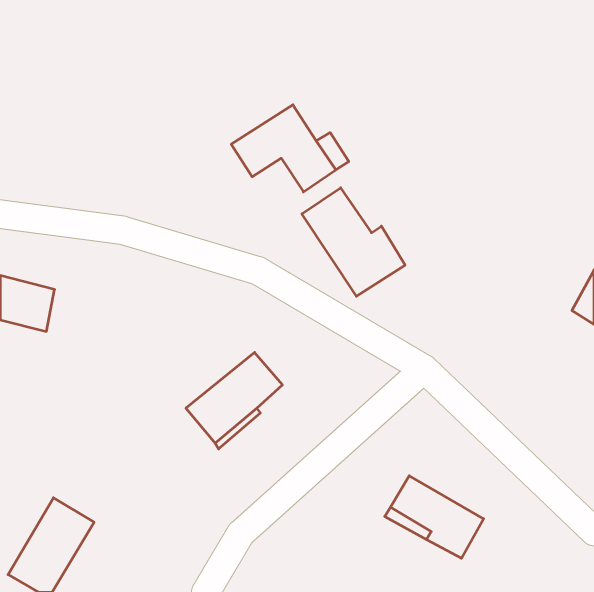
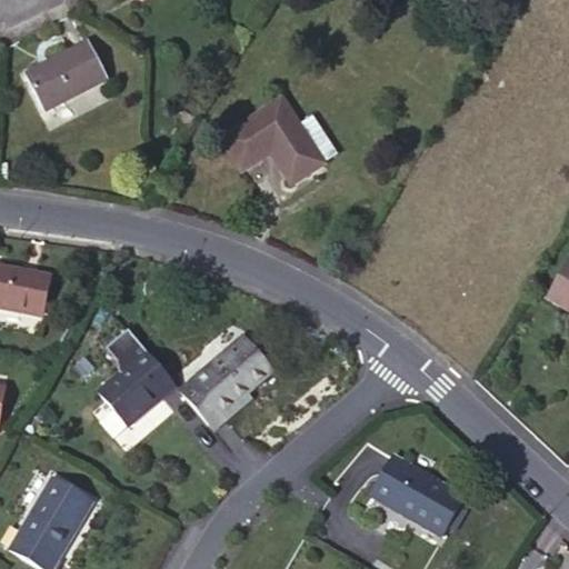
building: none -> [24,43,106,111]
building: [302,188,405,296] -> none
building: none -> [98,329,174,426]

